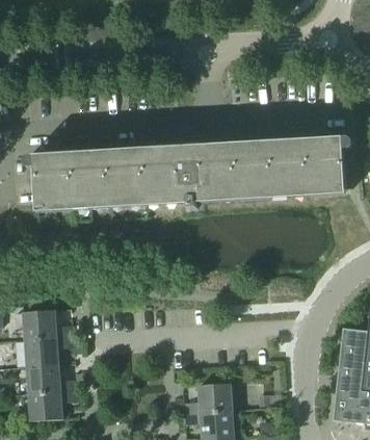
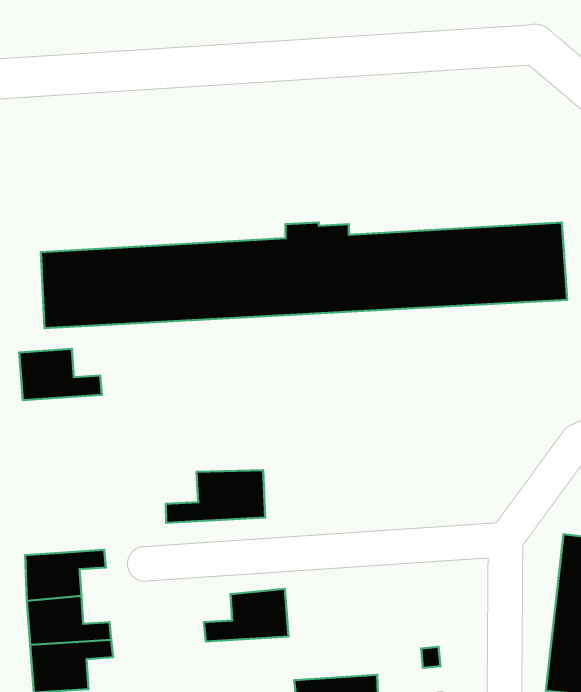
building: none -> [166,470,265,523]
building: [23,310,72,340] -> [19,349,102,400]
building: [183,383,233,414] -> [204,589,288,642]

